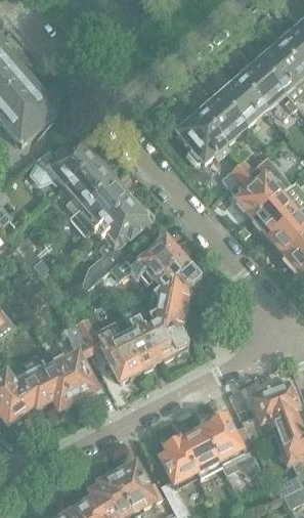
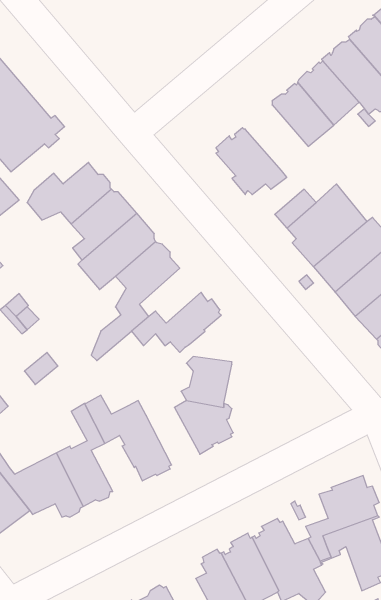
building: [198,93,246,143] -> none
building: [151,254,202,291] -> none
building: [122,314,162,371] -> none

